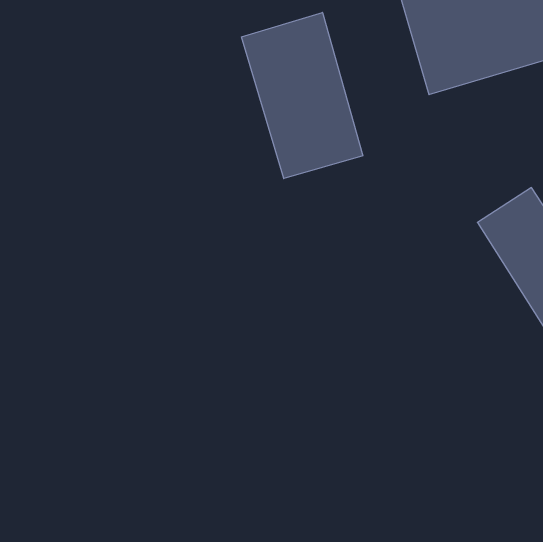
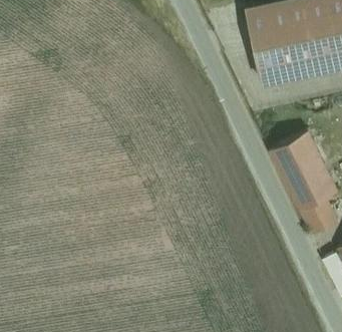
building: [242,12,363,179] -> none

